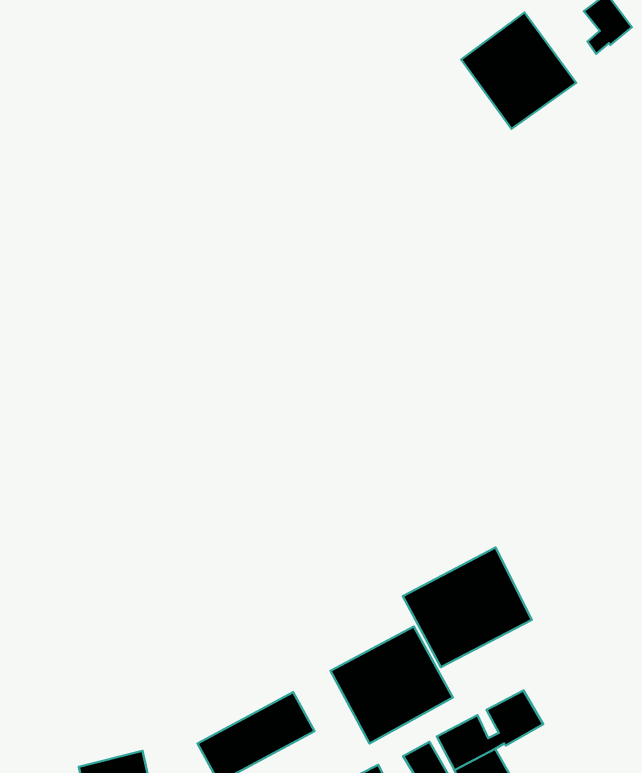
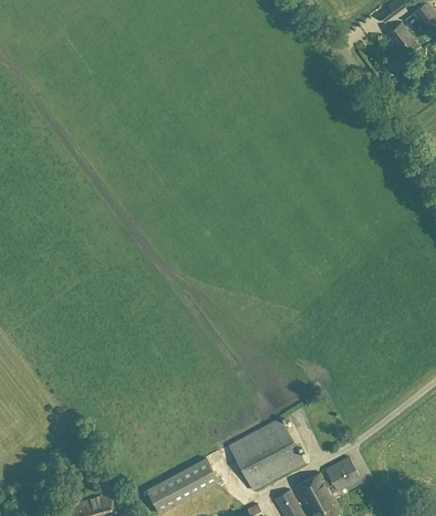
building: [461,12,576,129] -> none
building: [403,548,532,667] -> none

